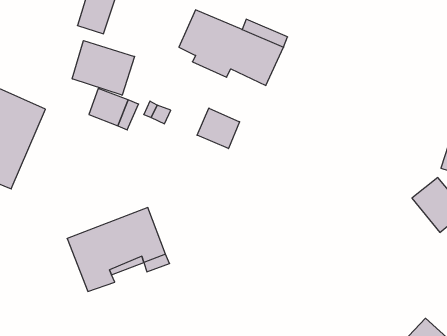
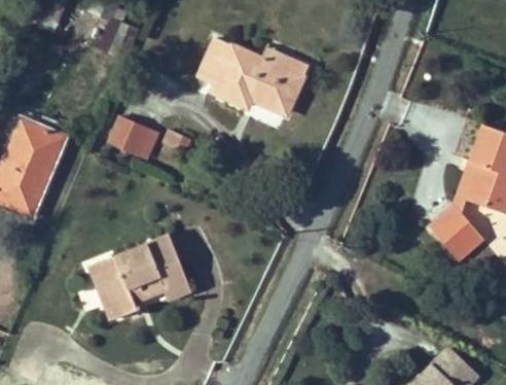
building: [72,41,135,95] -> none
building: [197,108,240,149] -> none

